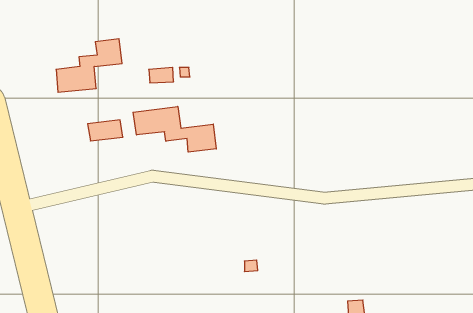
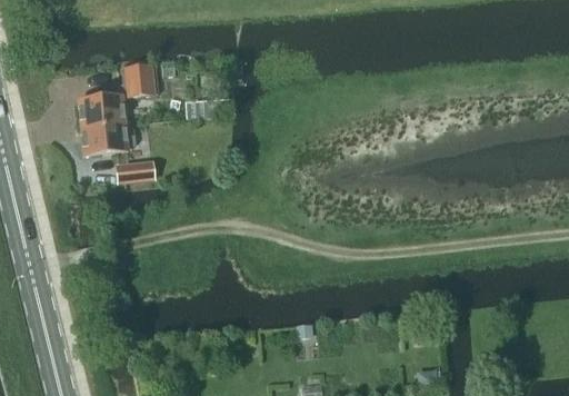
building: none -> [81,122,136,155]
building: [133,106,216,152] -> none

